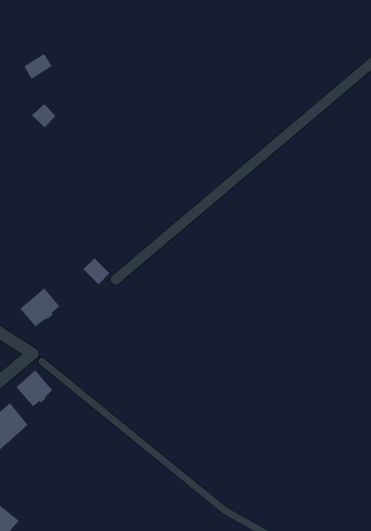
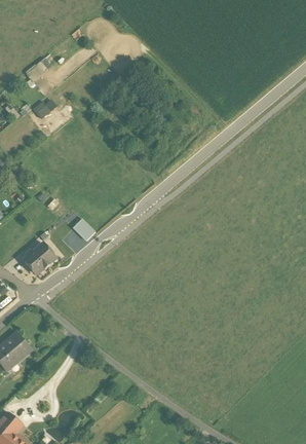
building: [16,370,53,407] -> none

